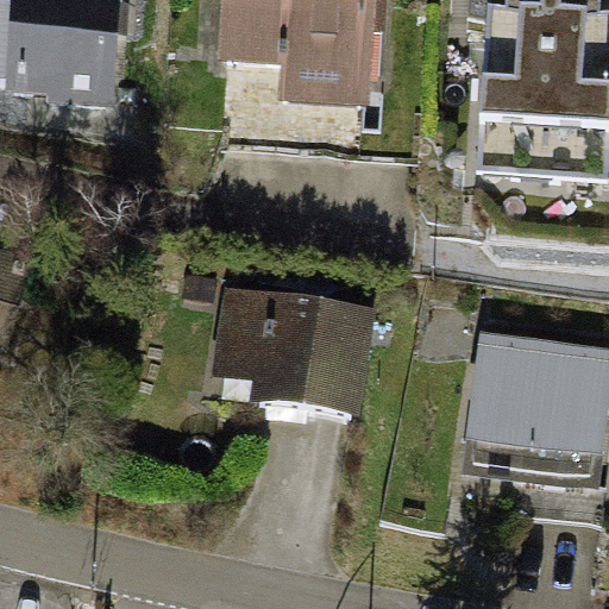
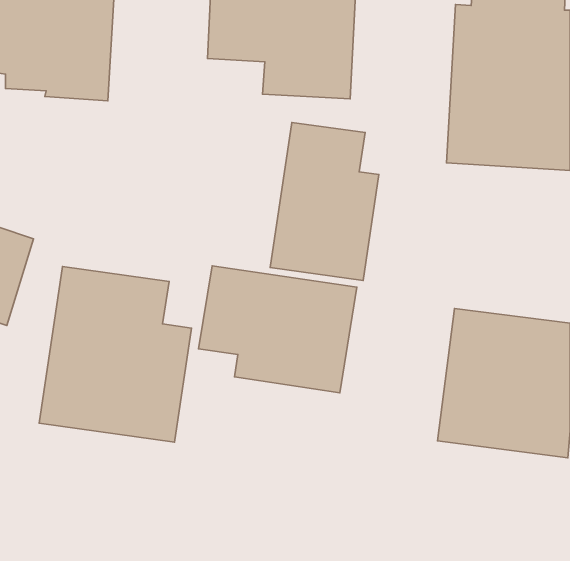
building: none -> [270,123,379,280]
building: none -> [39,267,191,442]

